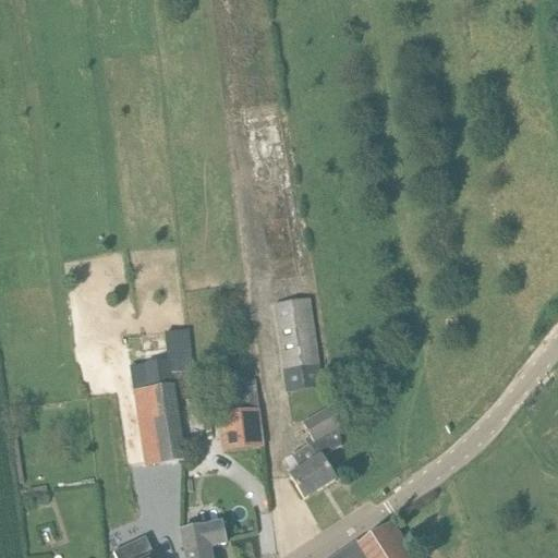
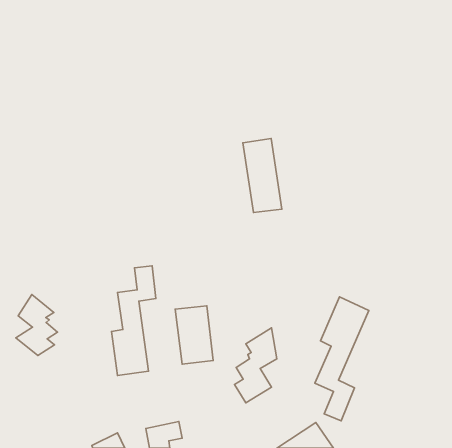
building: [274,298,322,389] -> [243,138,282,213]
building: none -> [16,295,57,356]
building: none -> [315,297,369,421]

